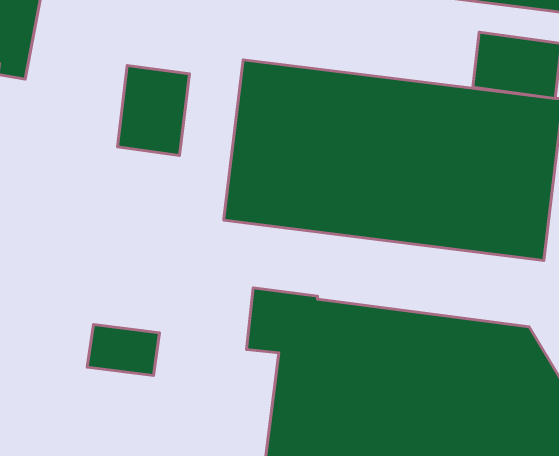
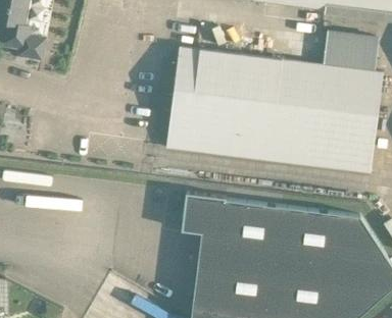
building: [117,65,189,155] -> none
building: [87,324,160,375] -> none

